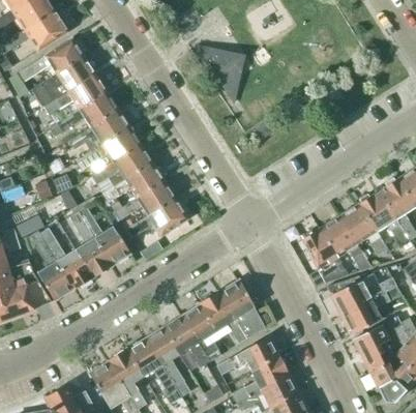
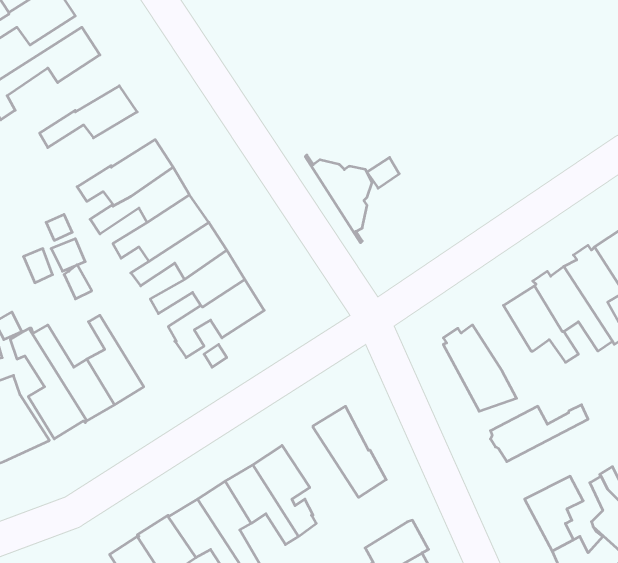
building: [197,47,239,102] -> [305,155,372,243]
building: [32,56,95,97] -> none
building: [49,92,118,137] -> none
building: [79,206,130,267] -> none
building: [320,215,372,270] -> none
building: [341,288,398,334] -> none
building: [198,291,247,344] -> none
building: [216,334,278,374] -> none

